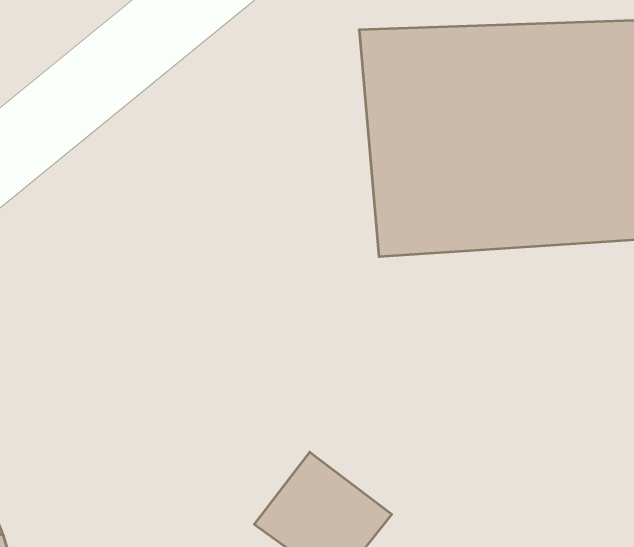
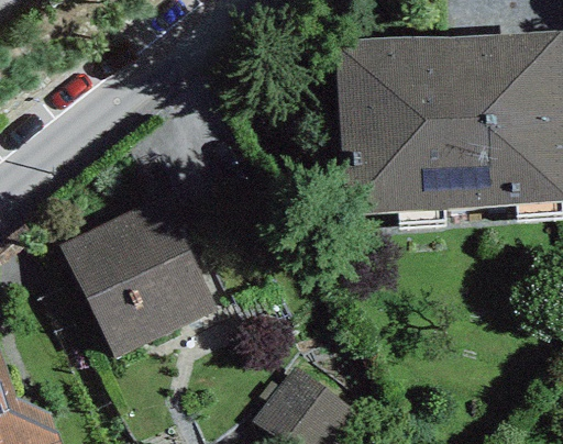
building: none -> [59,195,220,360]

